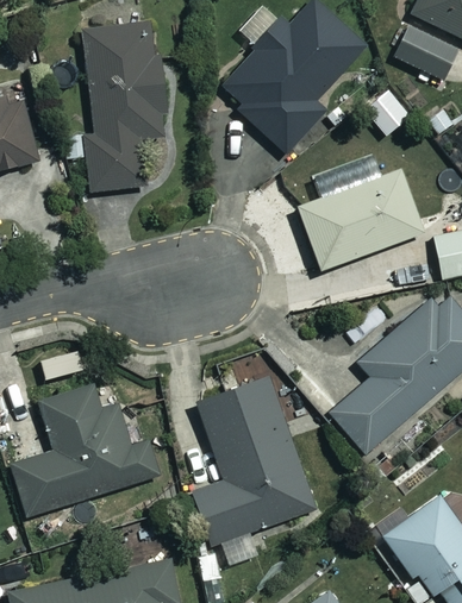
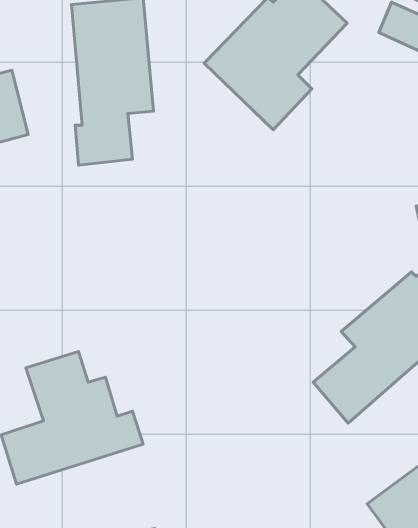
building: [298,170,423,270] -> none
building: [194,381,312,544] -> none

